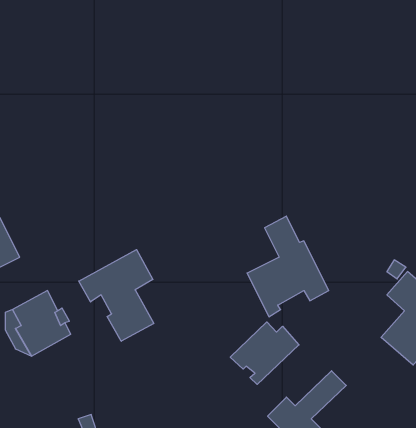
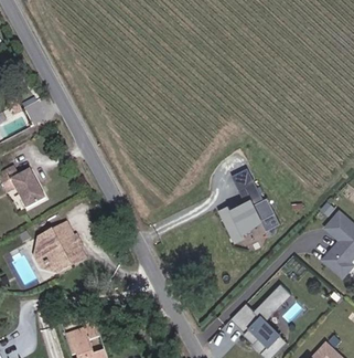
building: [79,250,154,341] -> none
building: [230,322,299,384] -> none

